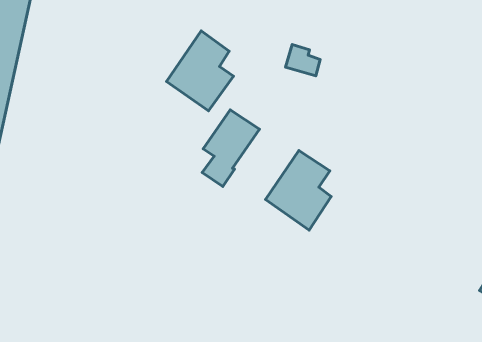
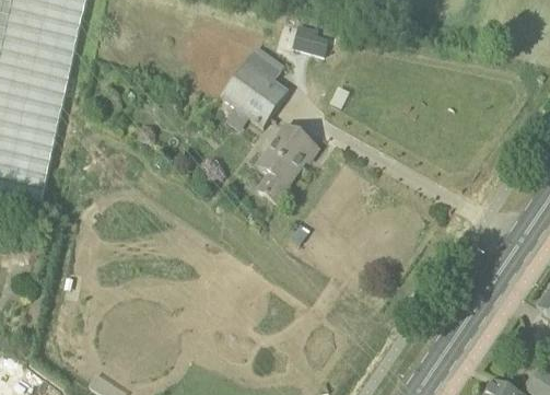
building: [286,44,320,76] -> [292,21,327,53]
building: [265,150,331,230] -> none

